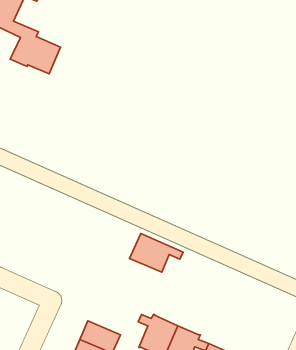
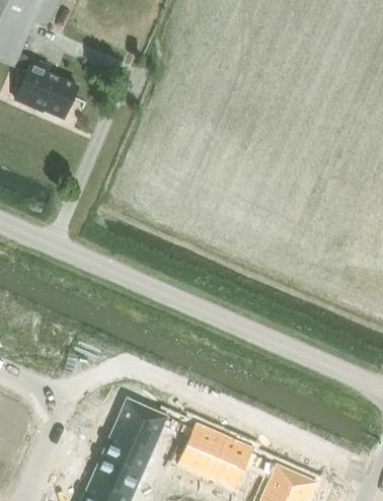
building: [130,233,183,272] -> [113,399,180,447]

